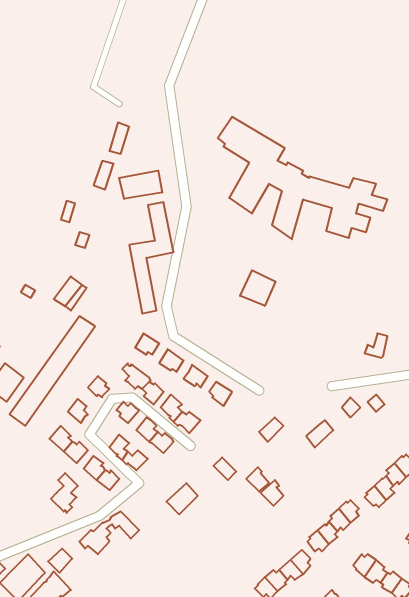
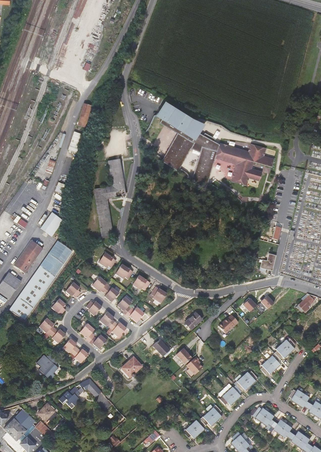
building: [119,171,162,199] -> none
building: [240,270,275,306] -> none
building: none -> [14,240,43,273]

